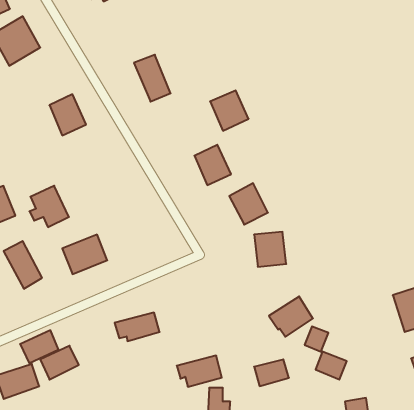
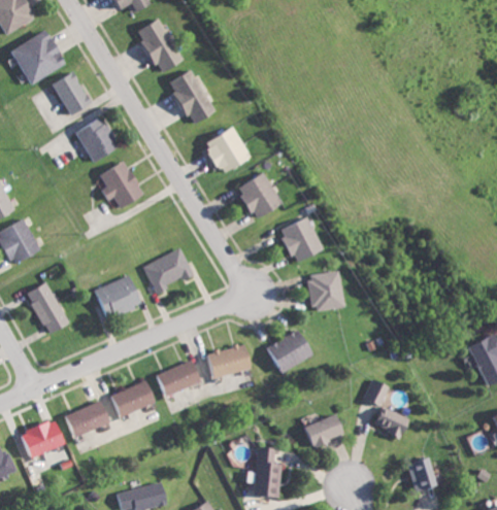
building: none -> [138,21,180,75]
building: none -> [54,74,90,116]
building: [210,90,249,131] -> [206,129,250,174]
building: [29,186,69,227] -> [99,162,143,208]
building: none -> [141,248,192,296]
building: [269,296,313,337] -> [264,329,313,374]
building: [20,330,59,363] -> [110,380,154,417]
building: [177,356,222,387] -> [202,343,253,378]

